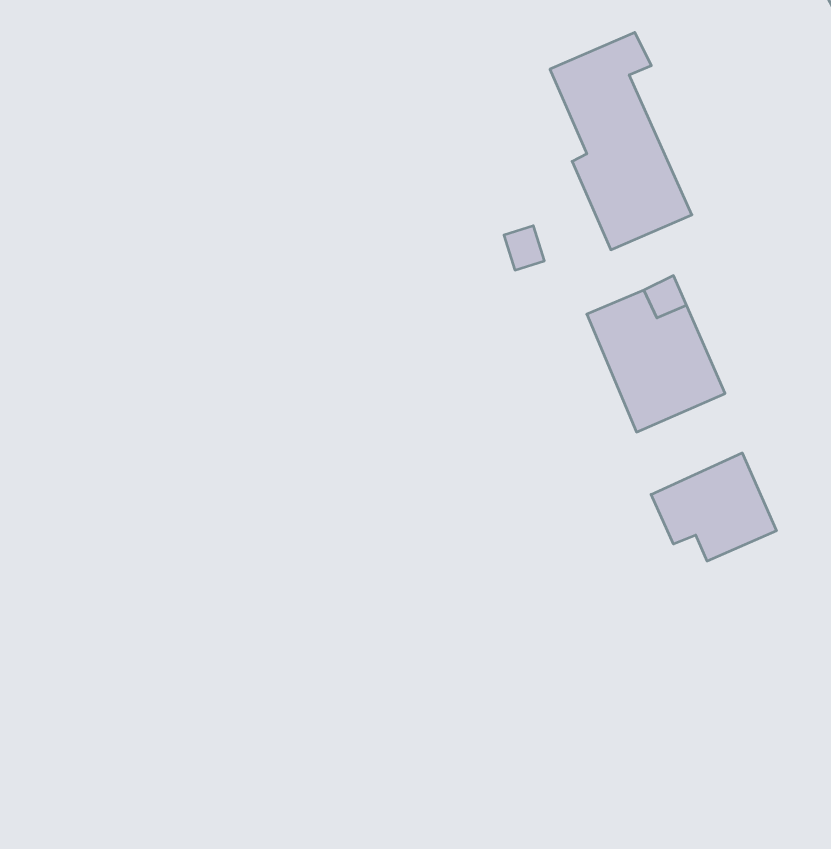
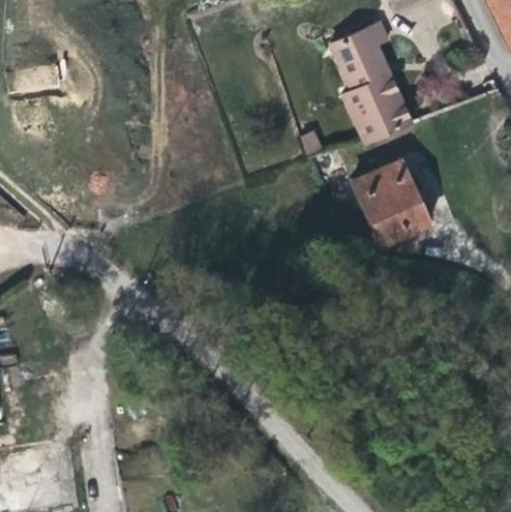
building: [651,453,776,561] -> none

